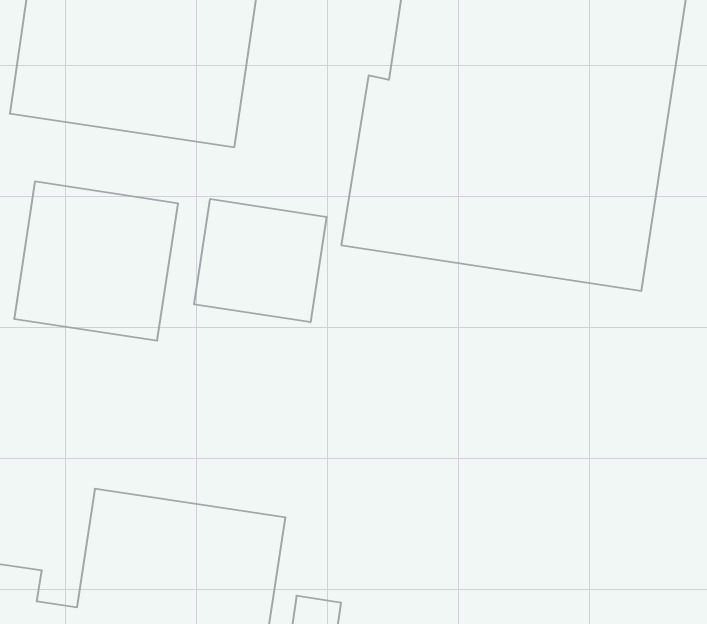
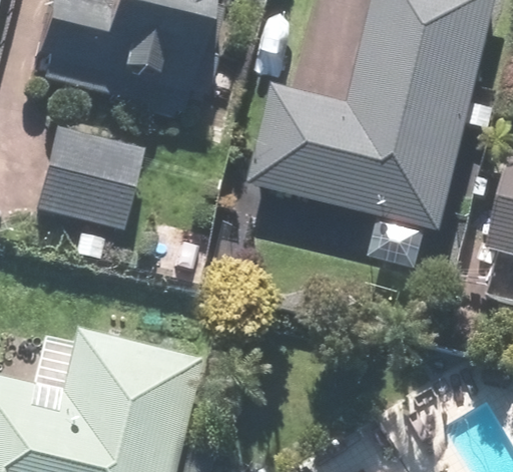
building: [194,199,327,322] -> none

